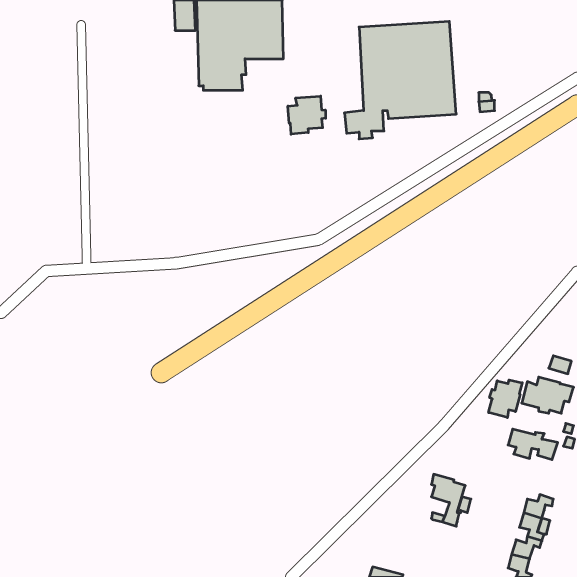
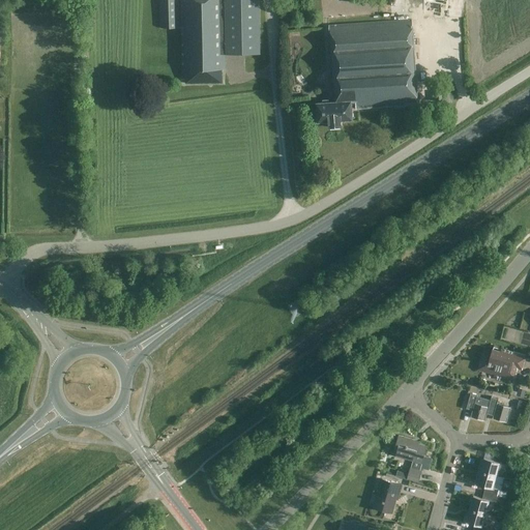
building: [288,96,326,134] -> none
building: [489,380,522,418] -> none
building: none -> [374,478,402,512]

